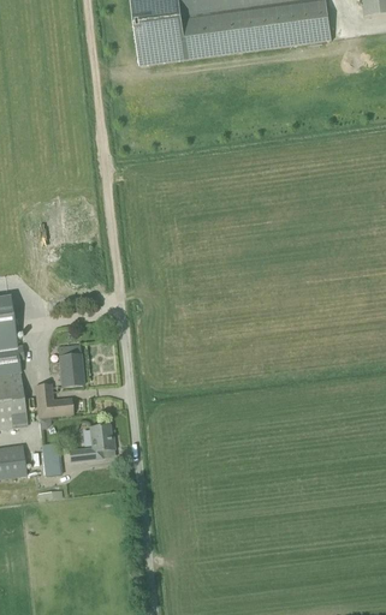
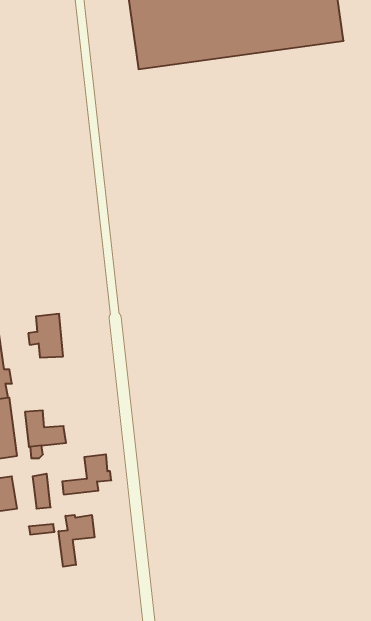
building: [51,346,83,387] -> [28,314,63,358]
building: none -> [59,515,94,567]

